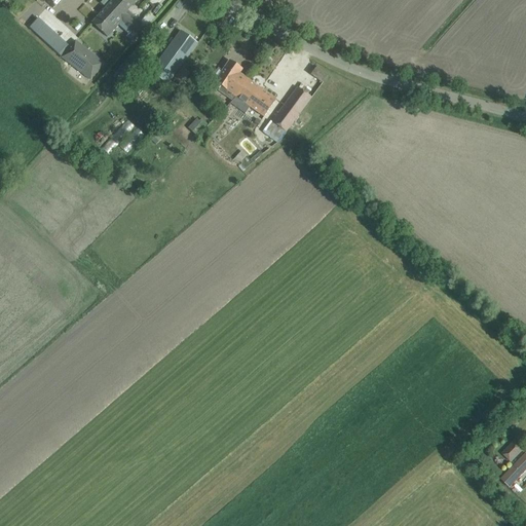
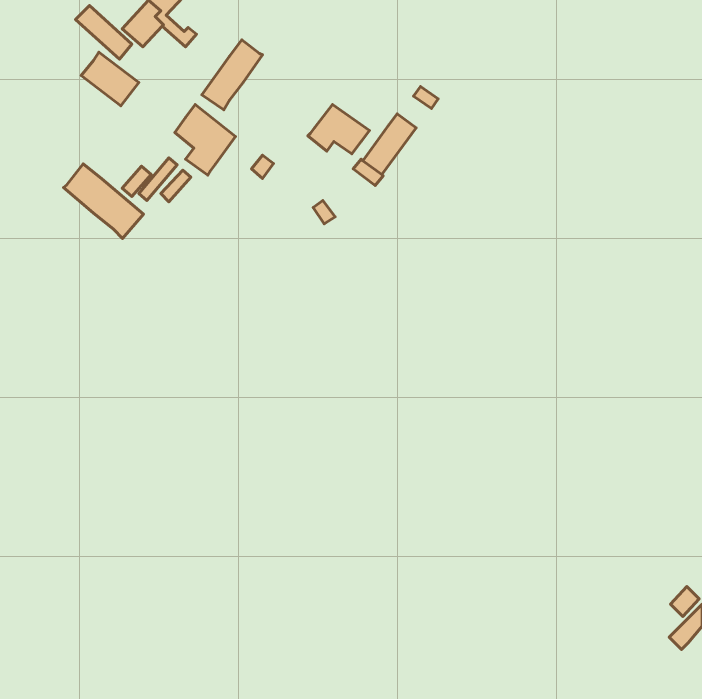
building: [28,16,70,57] -> [76,6,132,59]
building: [211,59,249,100] -> none
building: none -> [175,104,235,175]
building: none -> [64,164,144,238]

